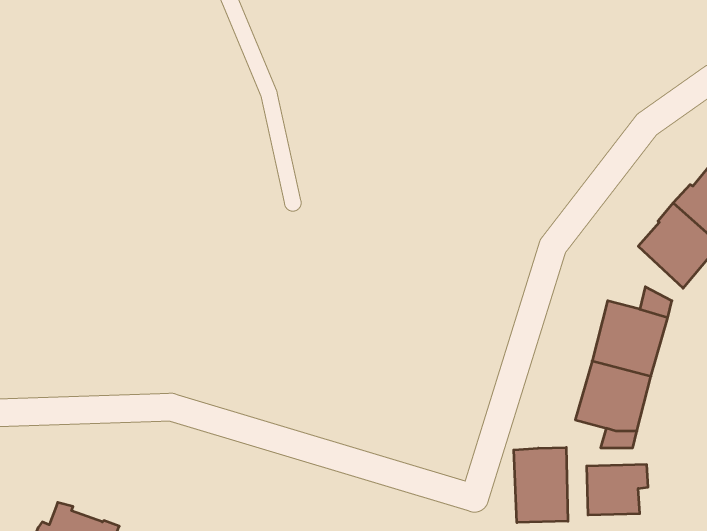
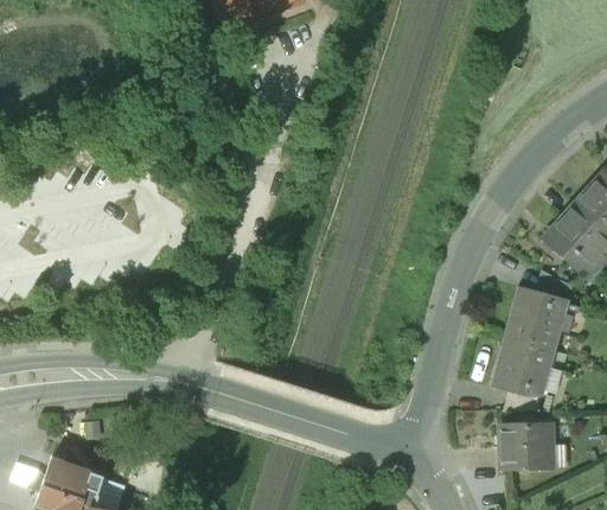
building: [514,447,568,523] -> none

